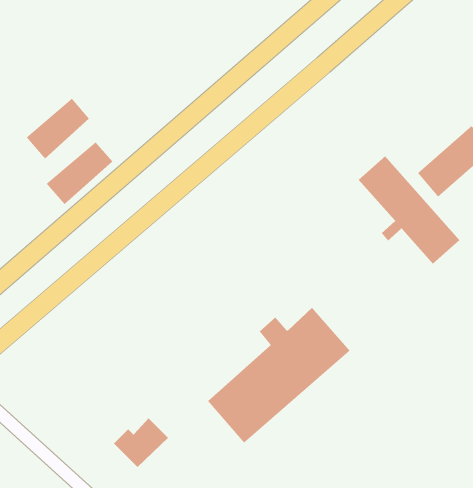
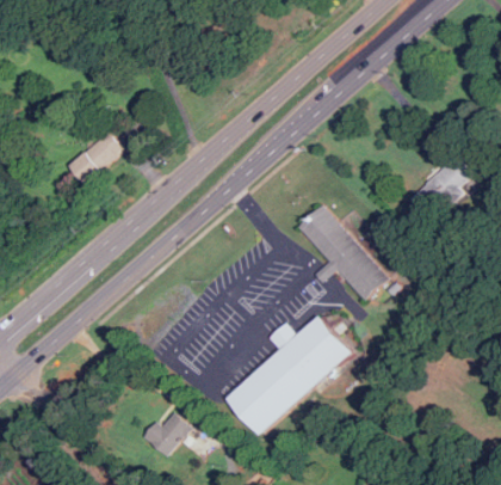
building: [46,141,113,205] -> none
building: [358,155,460,265] -> [298,204,388,300]

